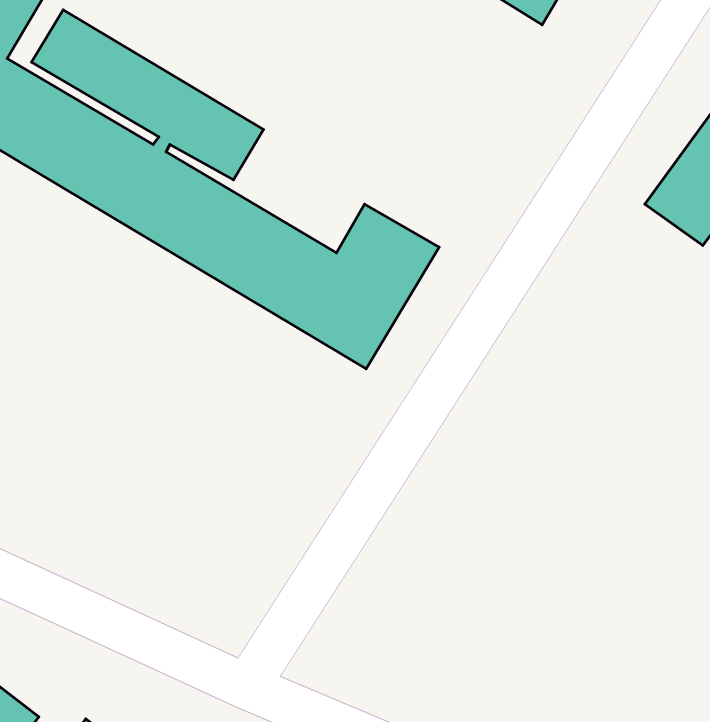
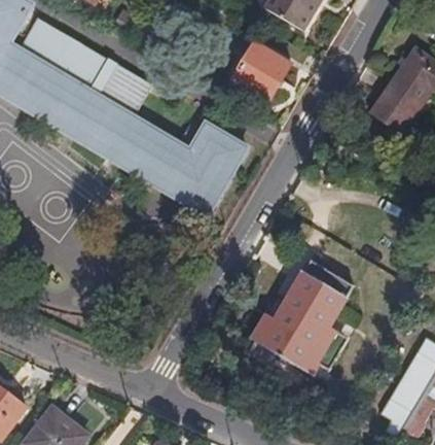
building: none -> [232,40,289,98]
building: none -> [252,260,354,374]

